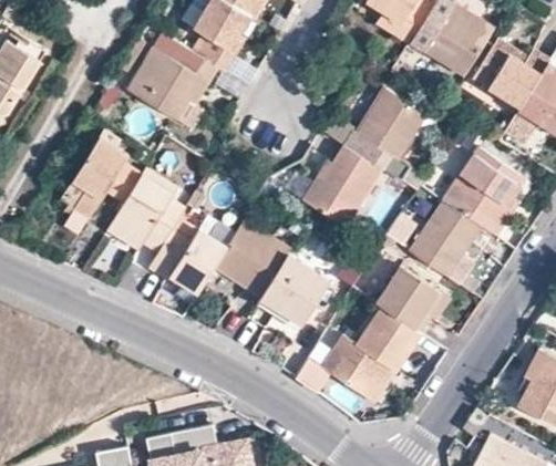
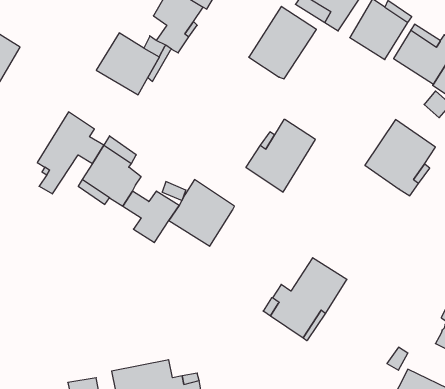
building: [347,87,425,172] -> [249,6,316,79]
building: [405,199,480,278] -> none
building: [257,251,328,323] -> none
building: [372,263,437,332] -> none

